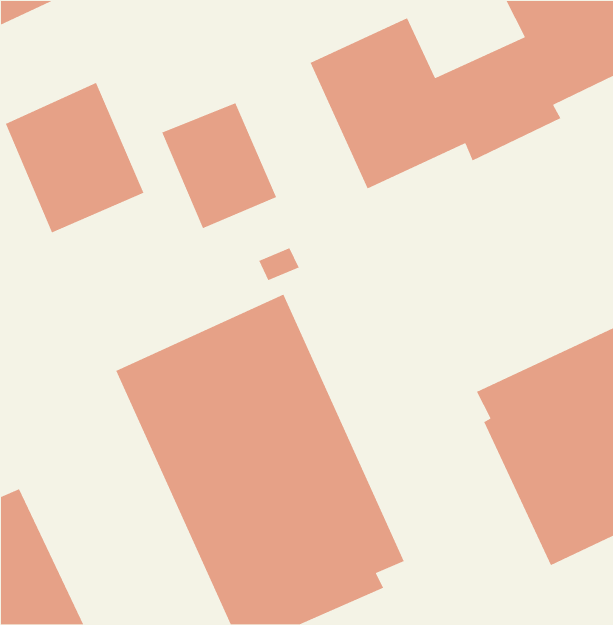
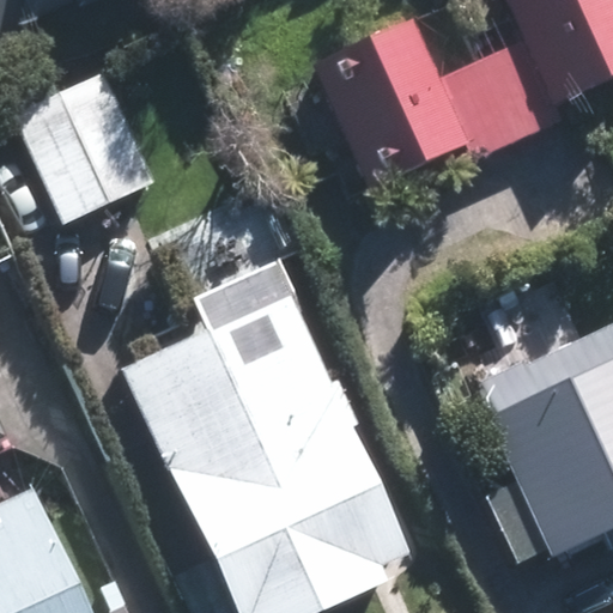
building: [161,102,277,229] -> none

